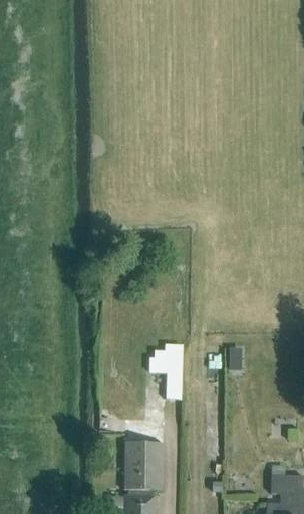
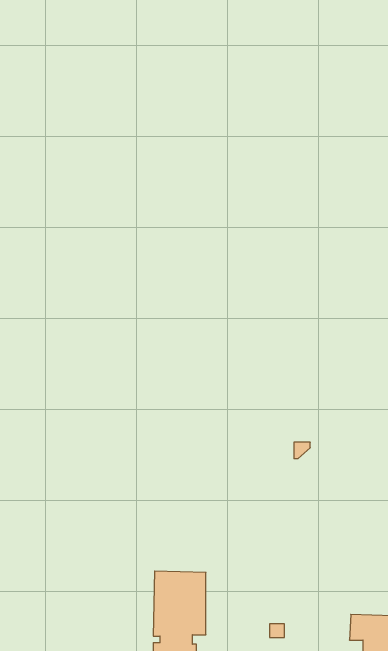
building: [148,344,182,400] -> none

